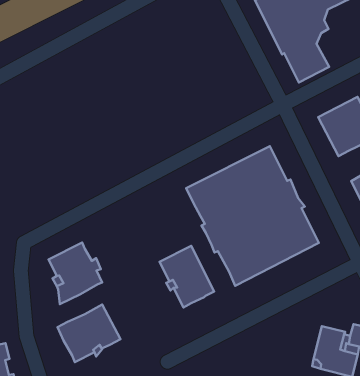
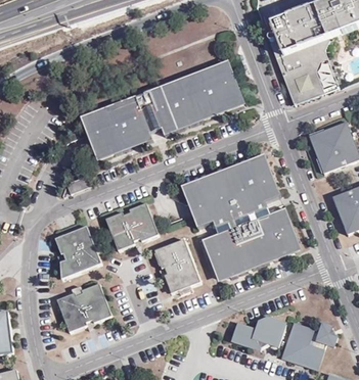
building: none -> [84,62,241,157]
building: none -> [105,202,159,249]
building: none -> [231,317,284,349]

